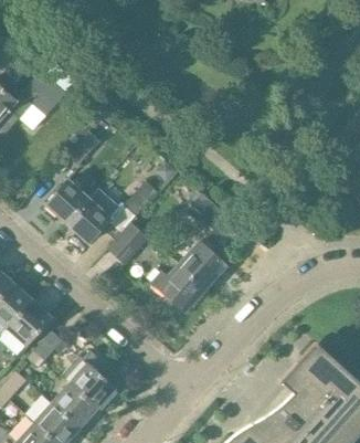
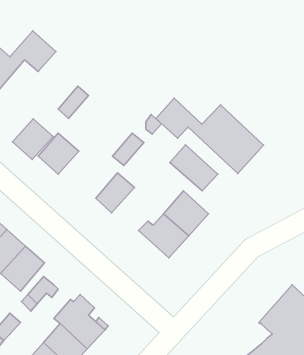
building: none -> [156,98,264,173]
building: [67,200,110,243] -> [12,119,53,160]

